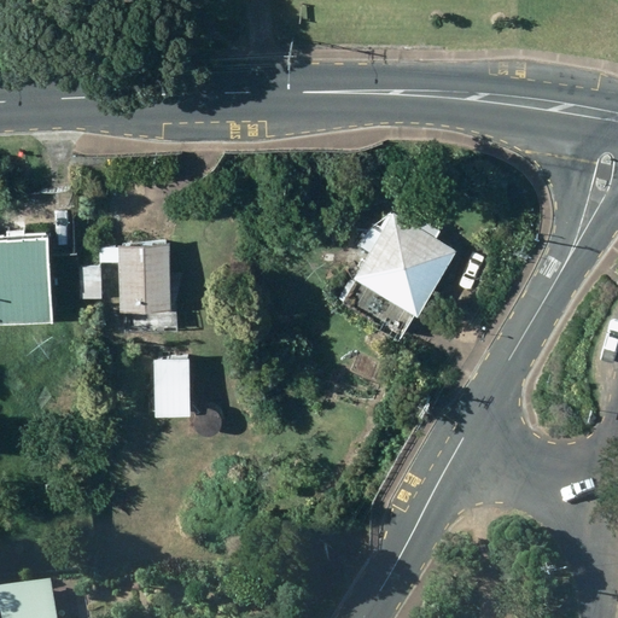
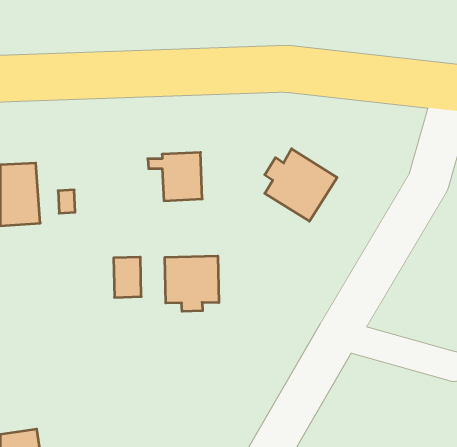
building: [98,244,171,309] -> [148,152,202,201]
building: none -> [165,256,219,311]

